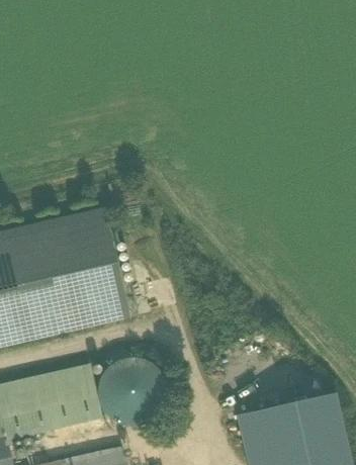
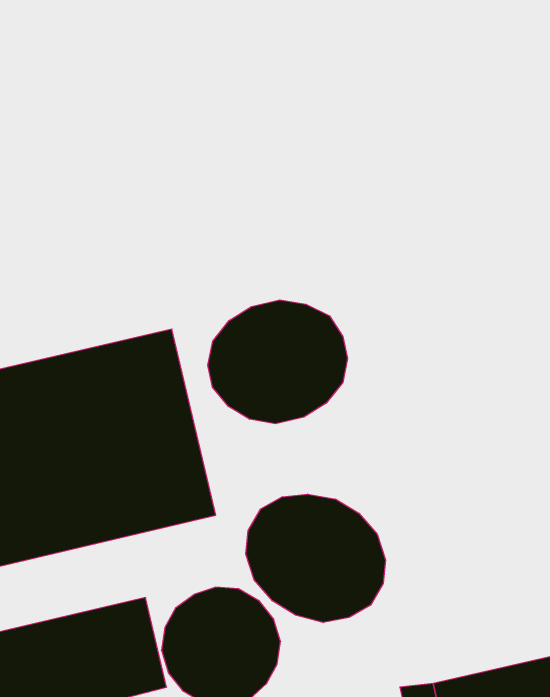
building: none -> [208,300,347,424]
building: none -> [246,494,385,623]

